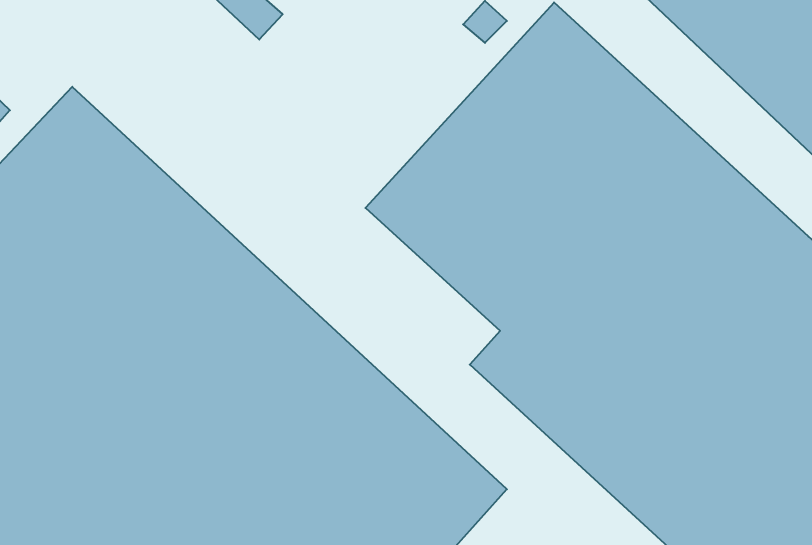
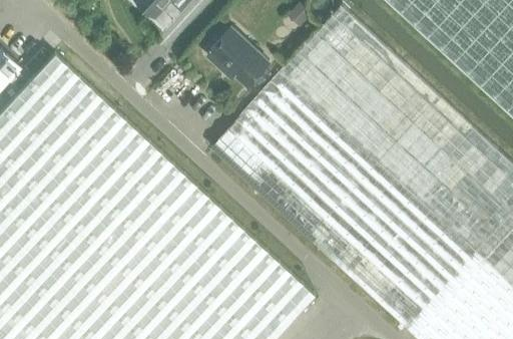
building: none -> [207,27,270,86]
building: none -> [210,127,309,221]

